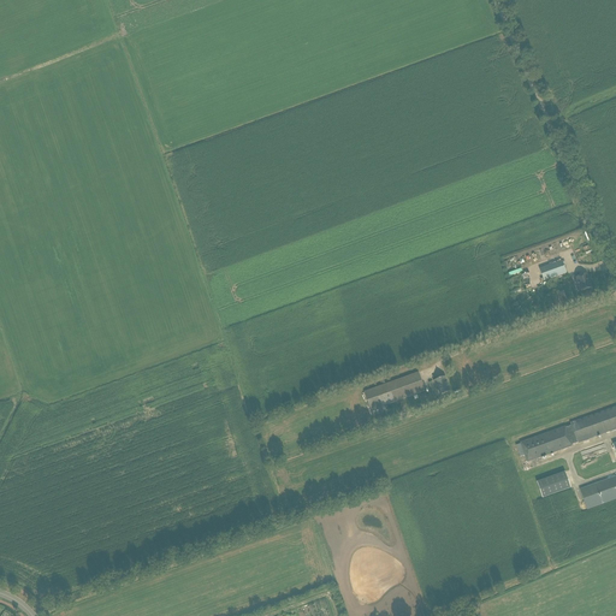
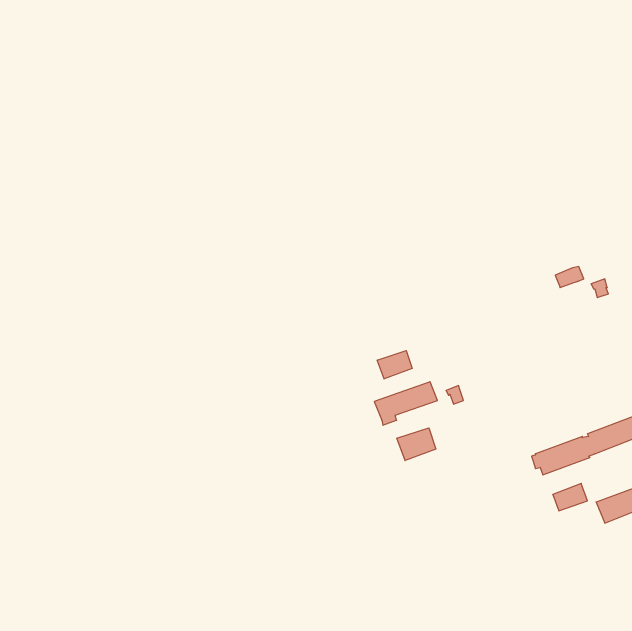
building: none -> [377,351,412,379]
building: none -> [397,428,436,461]

